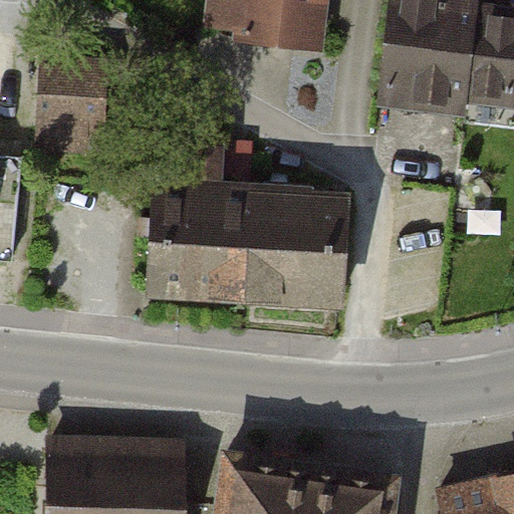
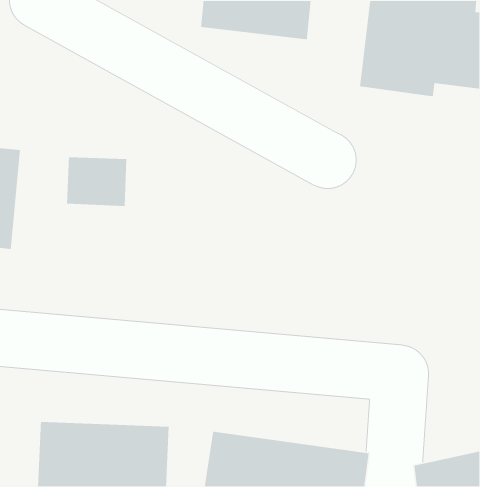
building: [37,67,101,120] -> [66,156,127,207]
building: [149,193,352,302] -> none

